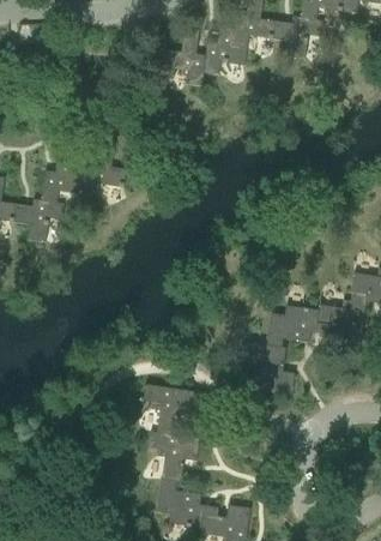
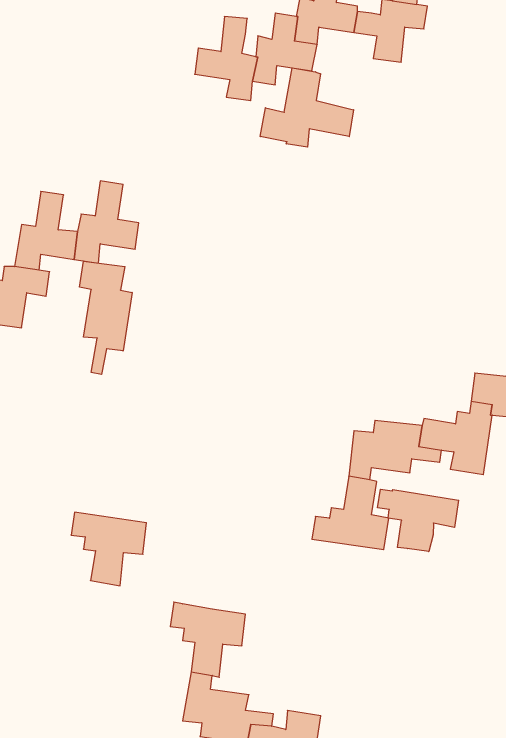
building: none -> [260,68,354,147]
building: none -> [80,261,132,374]
building: none -> [378,489,459,552]
building: [143,384,194,434] -> [71,512,146,586]

